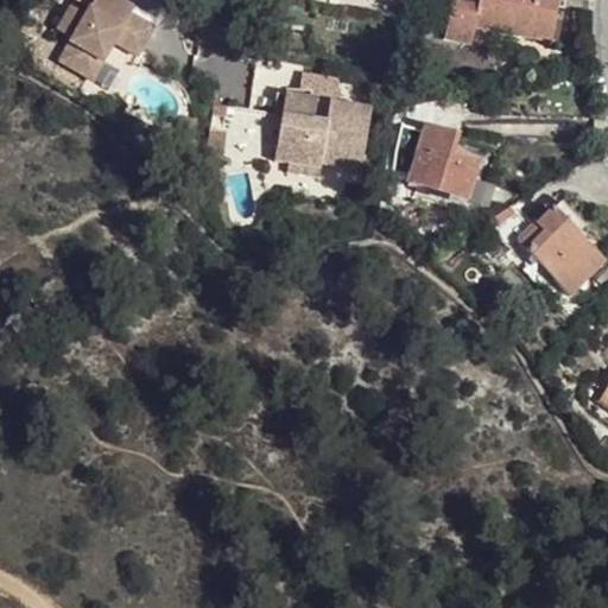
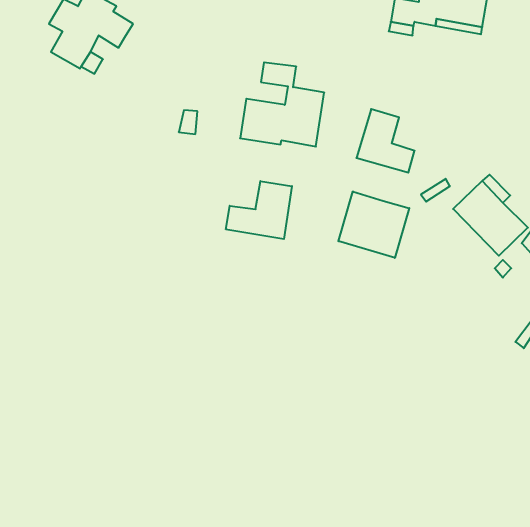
building: none -> [226,181,292,239]
building: none -> [338,191,409,258]

